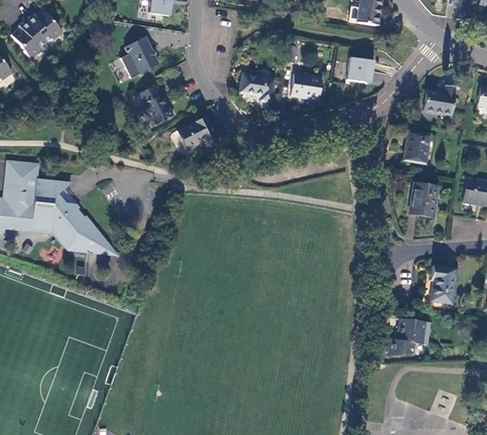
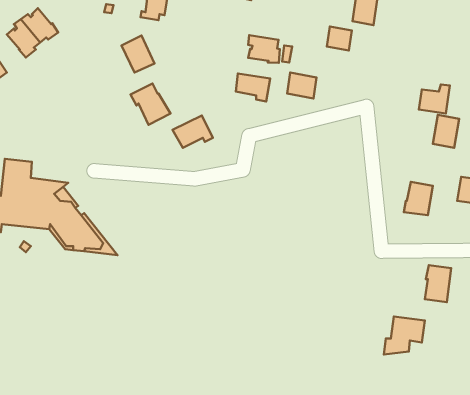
building: none -> [248,35,280,63]
building: [347,58,372,83] -> [327,26,352,50]
building: [403,131,430,164] -> [433,115,459,148]

